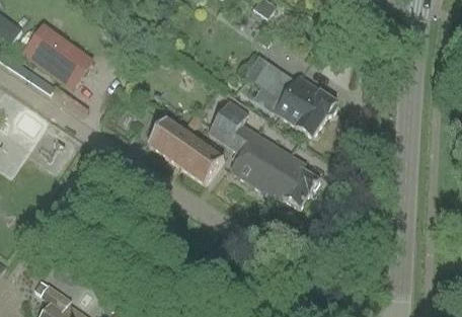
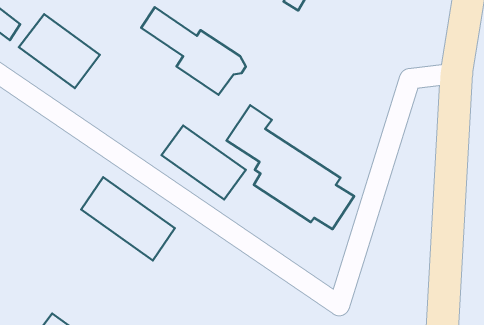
building: [241,55,334,133] -> [141,7,246,95]
building: none -> [81,177,175,260]

